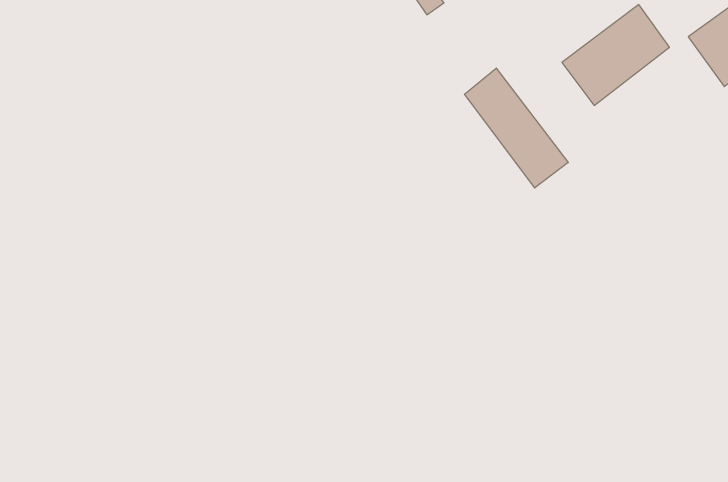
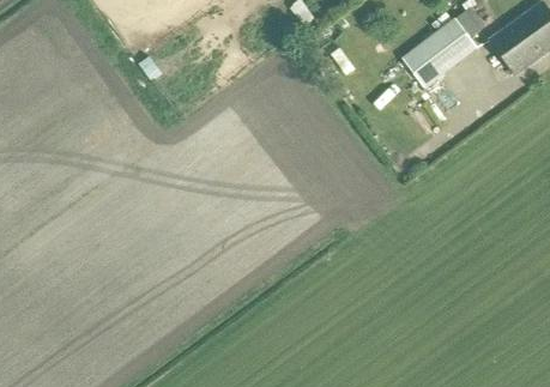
building: [465,68,568,188] -> none

